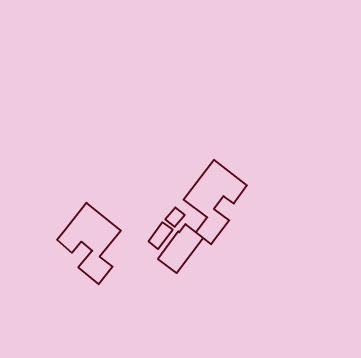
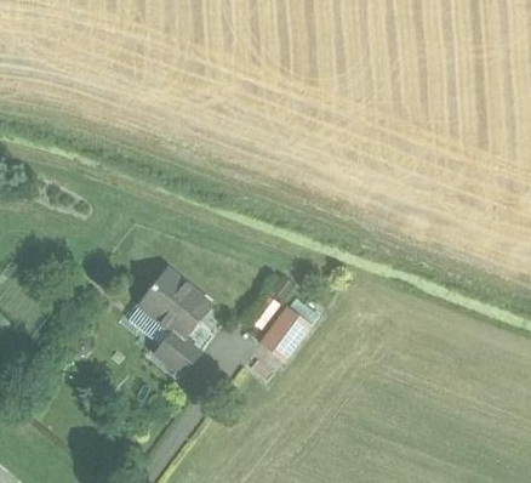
building: [184,160,247,244] -> none

